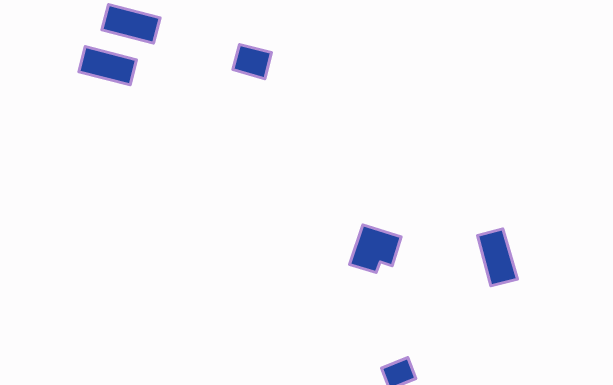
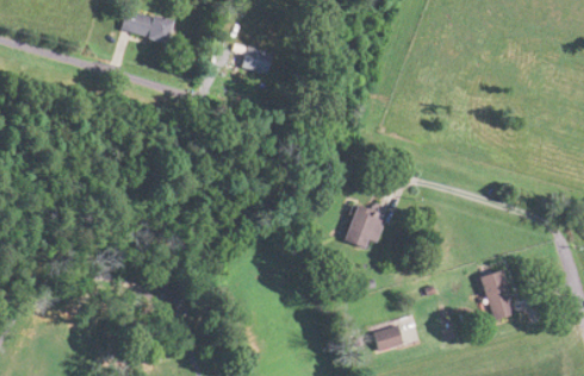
building: [79,47,136,85] -> none
building: [478,229,517,286] -> [480,269,516,320]

